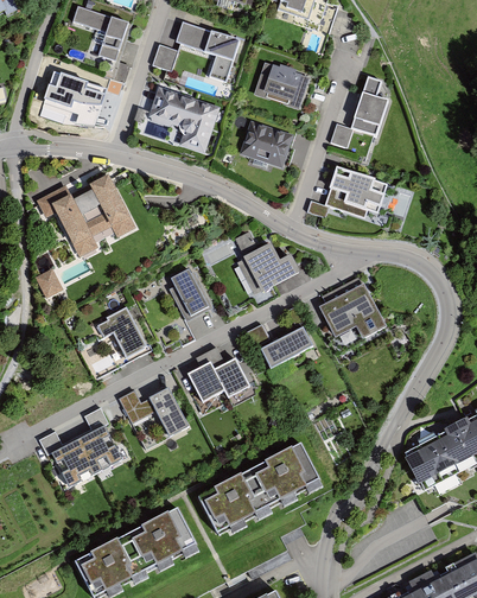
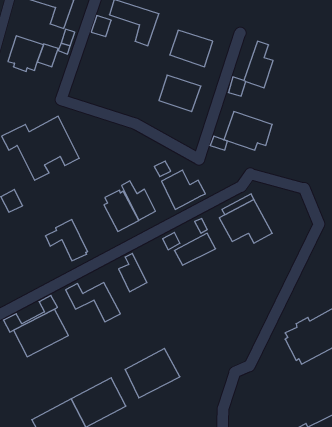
building: [148,87,220,154] -> none
building: [205,345,249,396] -> [122,181,155,220]
building: [247,447,318,511] -> none

